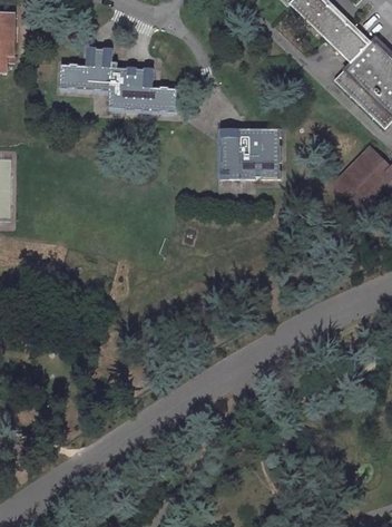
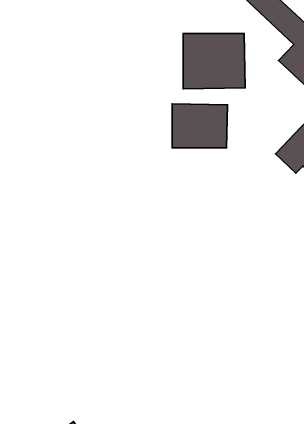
building: [57,48,173,110] -> none
building: none -> [183,33,245,89]

